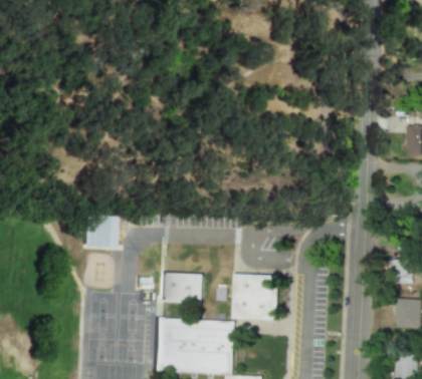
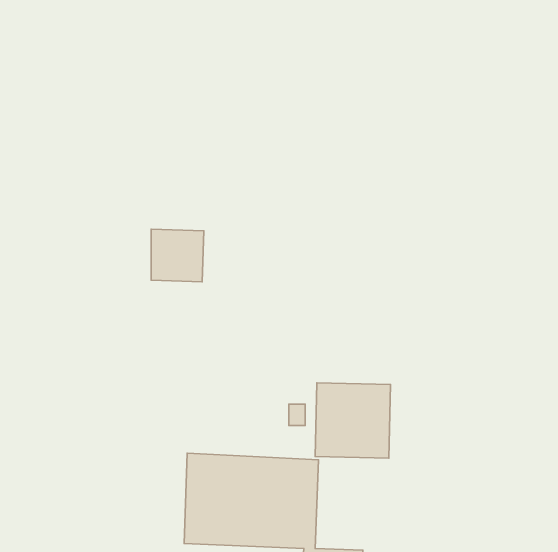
building: [82,216,115,248] -> [151,229,204,282]
building: [162,272,204,303] -> none

